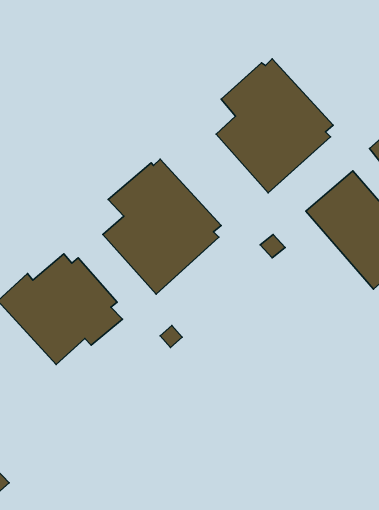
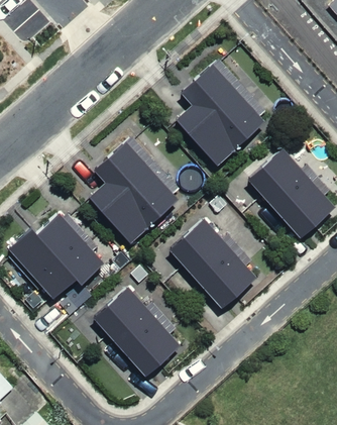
building: none -> [168,219,255,309]
building: none -> [93,287,181,378]

